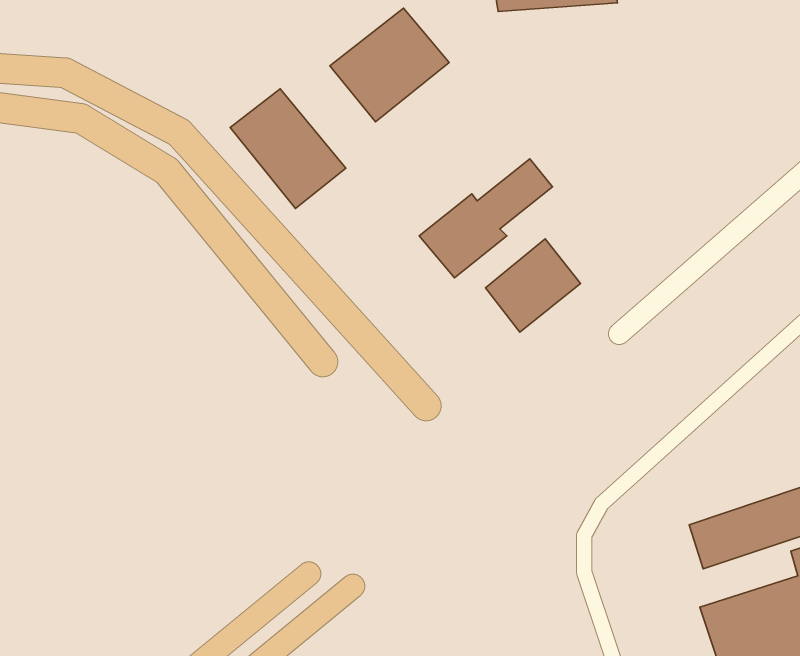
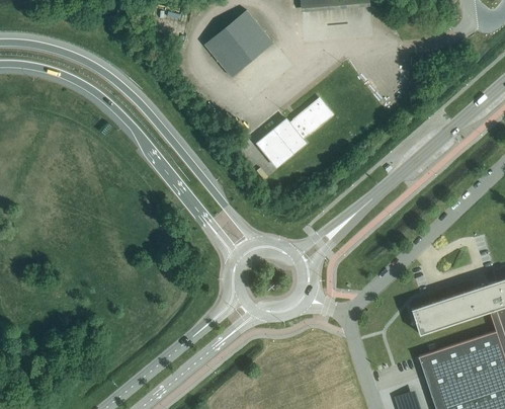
building: [230,89,346,209] -> none
building: [485,239,581,332] -> none

